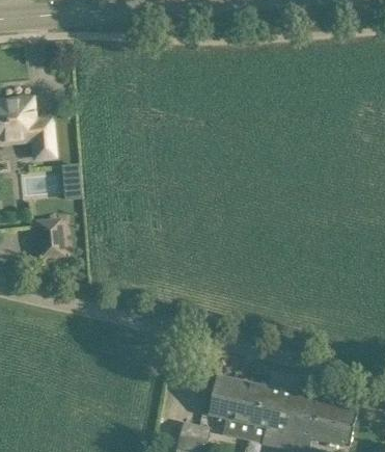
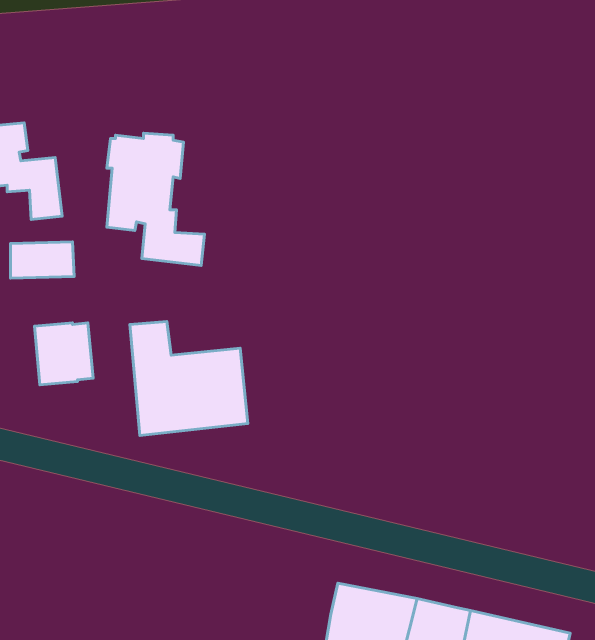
building: none -> [107,133,205,265]
building: none -> [130,322,248,435]

